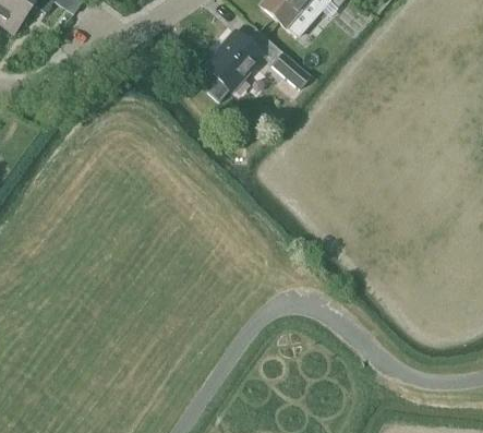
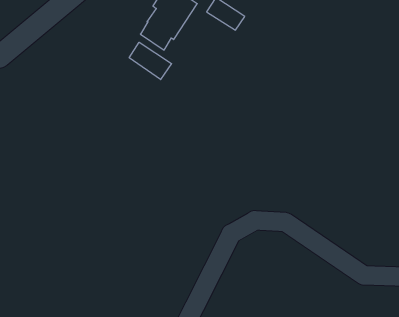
building: none -> [129,42,172,80]

